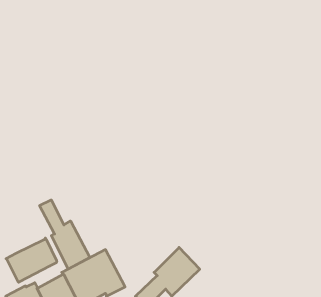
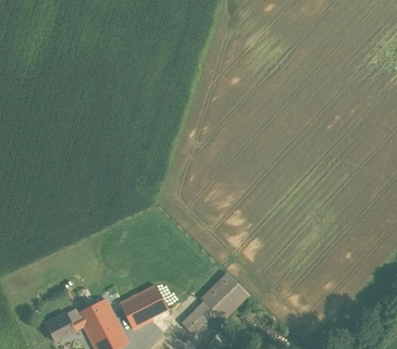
building: [40,200,90,269] -> none
building: [6,238,57,282] -> none

